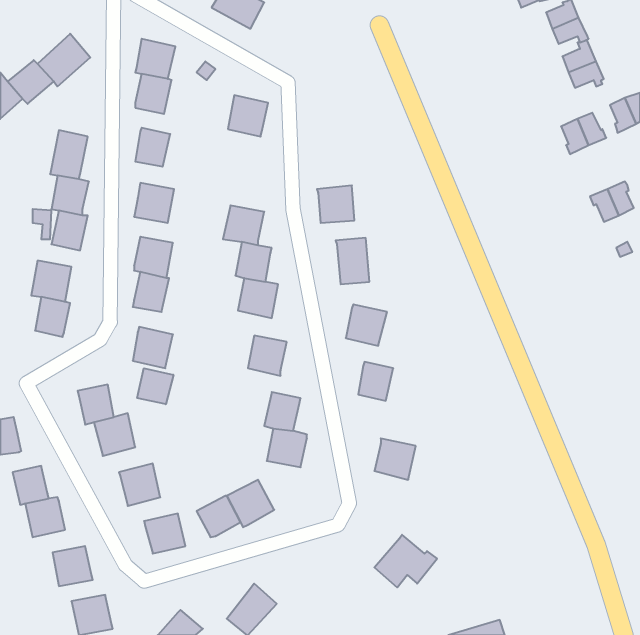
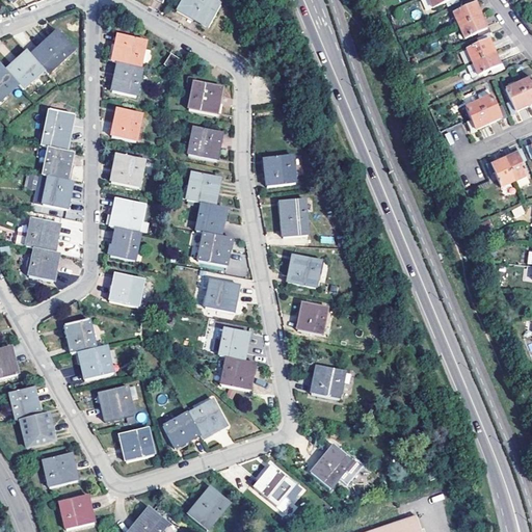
building: none -> [188,126,221,159]
building: [137,368,173,404] -> none
building: none -> [255,463,299,509]

